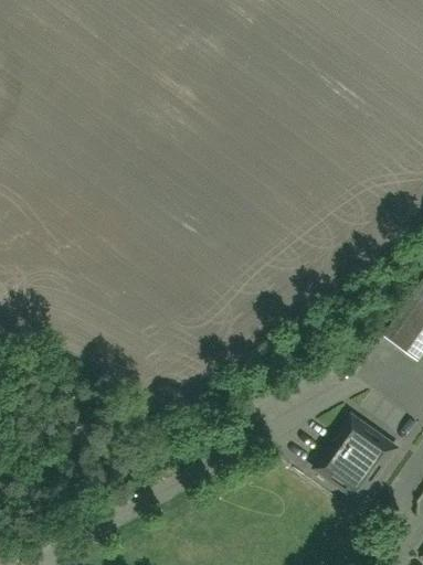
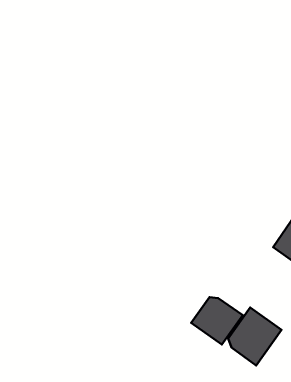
building: none -> [191,297,243,344]

